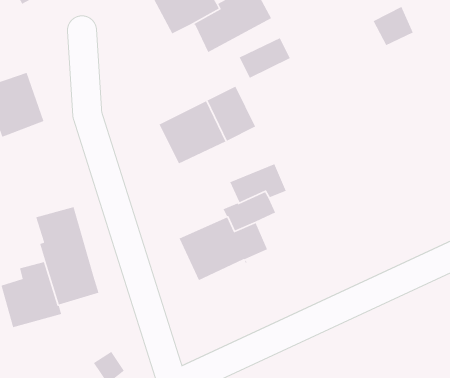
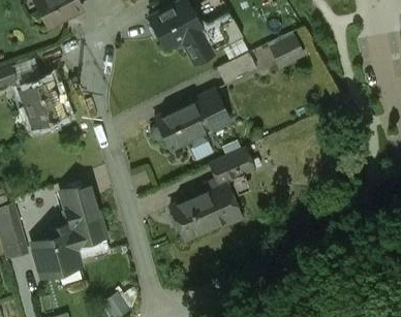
building: [372,6,414,46] -> [272,35,304,66]

